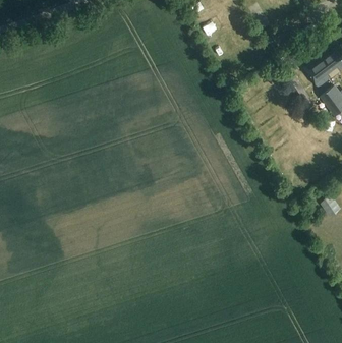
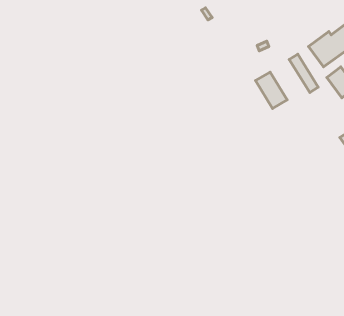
building: none -> [255,72,287,108]

